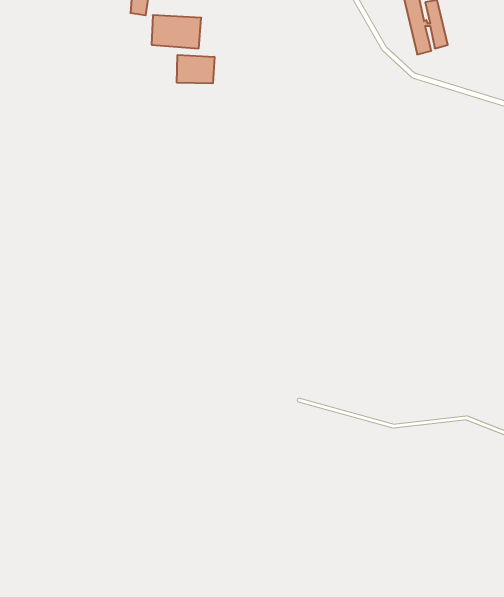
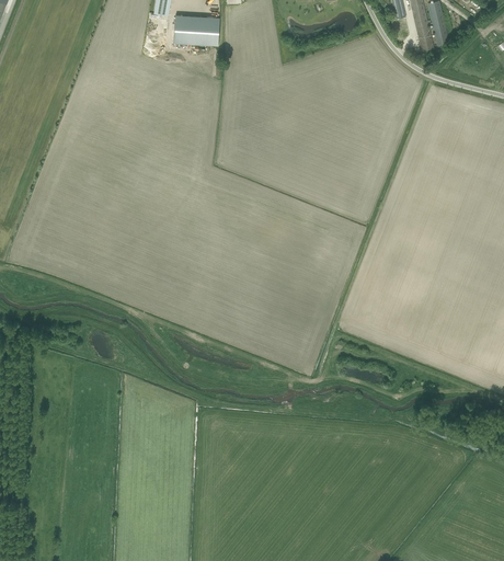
building: [177,55,214,83] -> none

